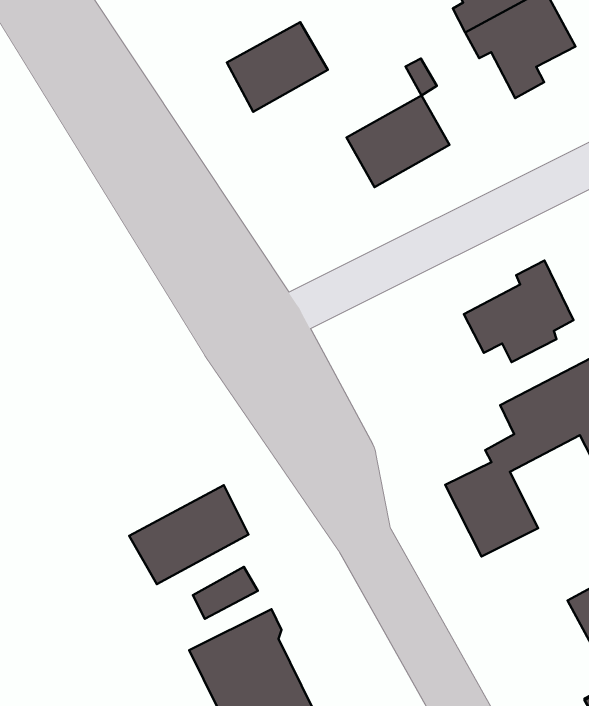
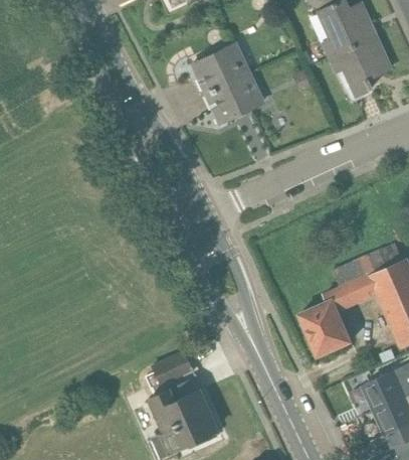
building: [347,96,449,187] -> [204,73,262,124]
building: [464,260,574,362] -> none
building: [129,485,249,584] -> none

